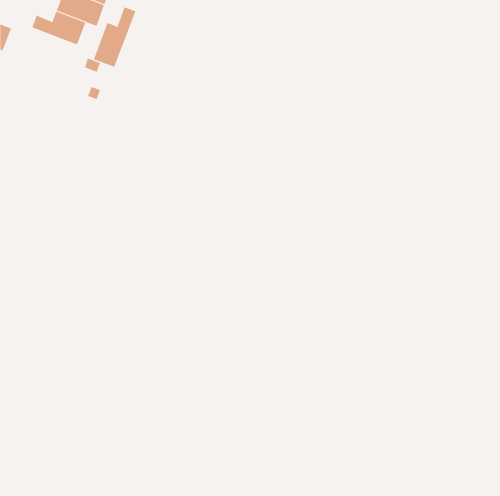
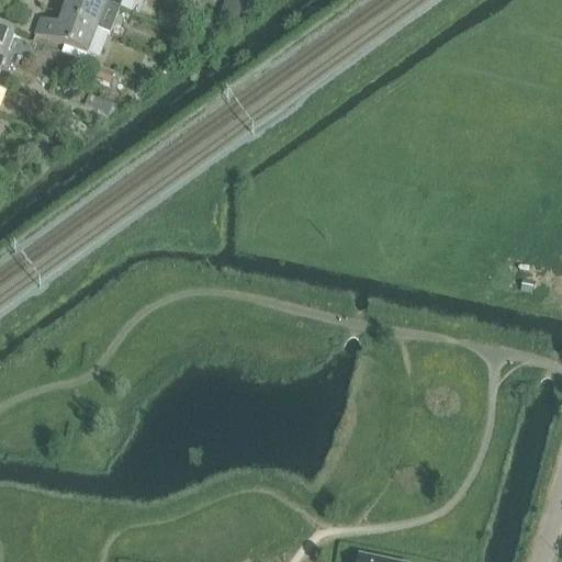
building: [93,6,136,68] -> none

